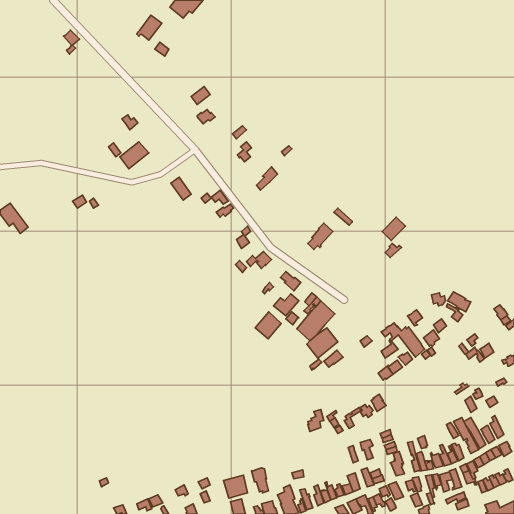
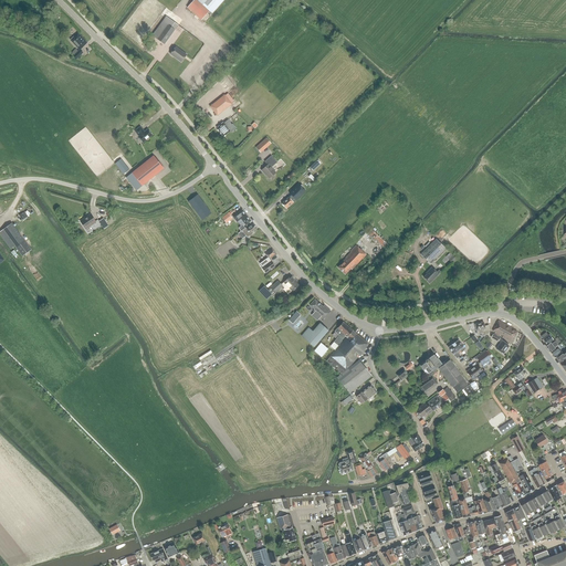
building: [255,312,281,339] -> none
building: [224,475,248,498] -> none

